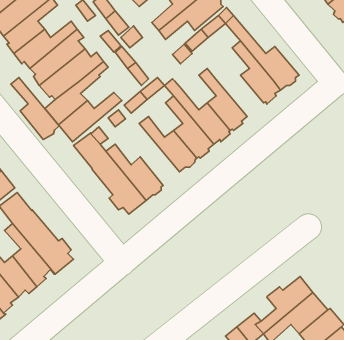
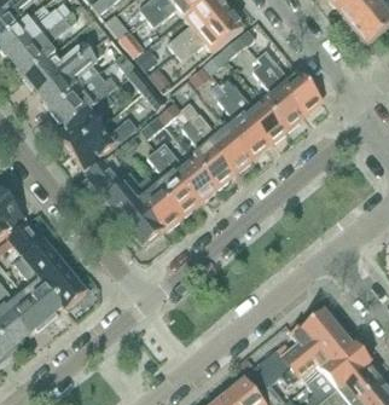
building: none -> [221,79,286,143]
building: [11,77,59,139] -> [146,150,197,215]

